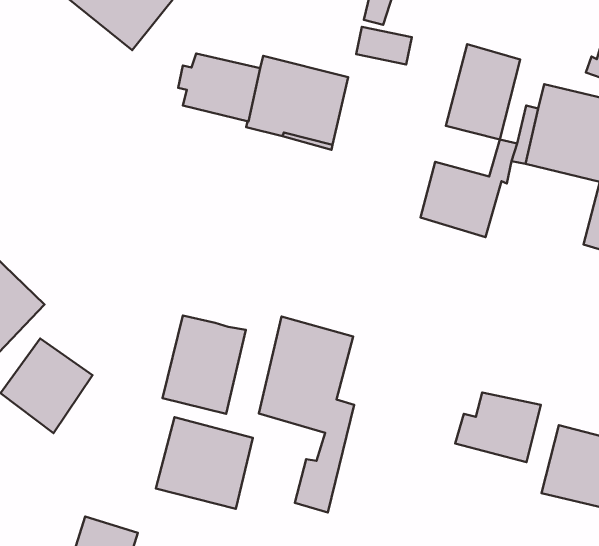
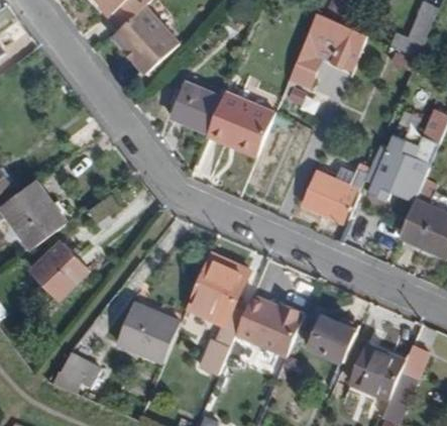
building: [446,44,520,140] -> none
building: [163,316,246,414] -> none
building: none -> [256,295,305,348]

